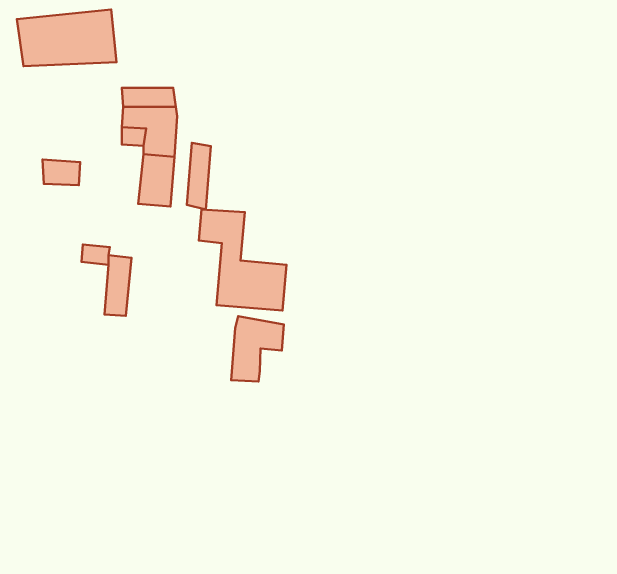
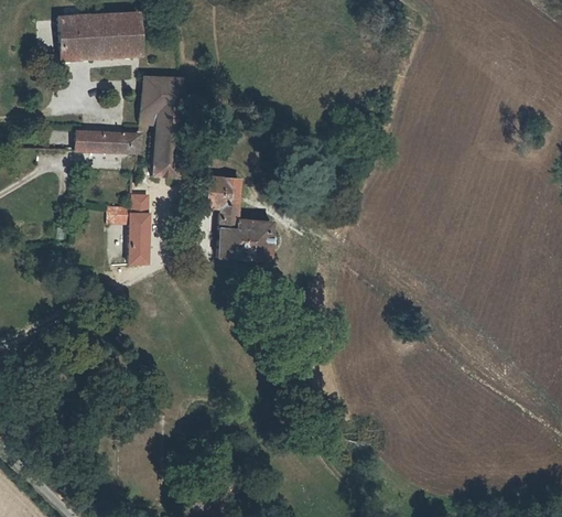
building: [187,143,211,210] -> none
building: none -> [106,137,136,157]
building: [231,316,284,382] -> none

